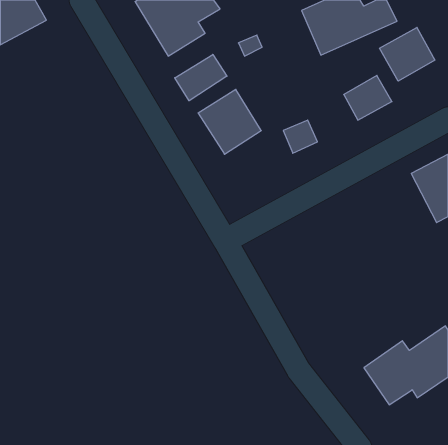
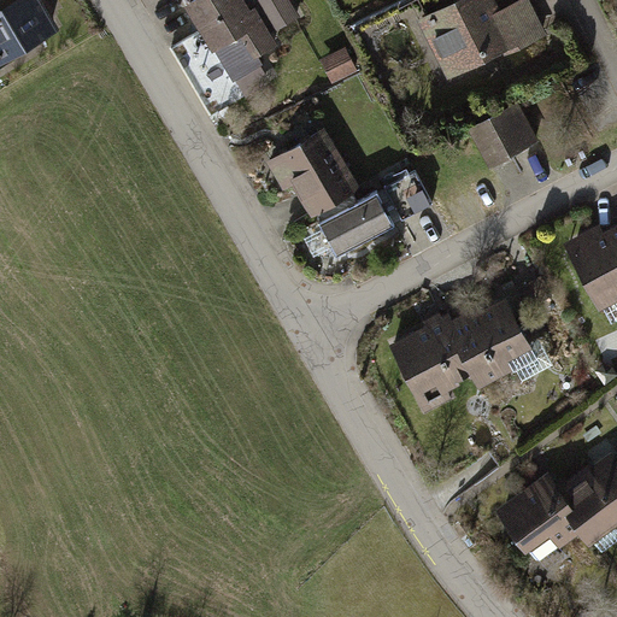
building: [380,27,435,81] -> none
building: [175,54,227,101] -> none
building: none -> [322,188,395,249]
building: none -> [386,294,540,417]

